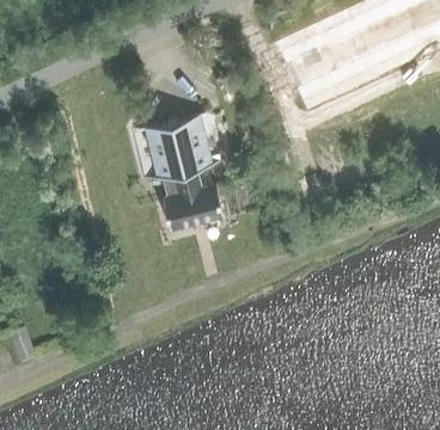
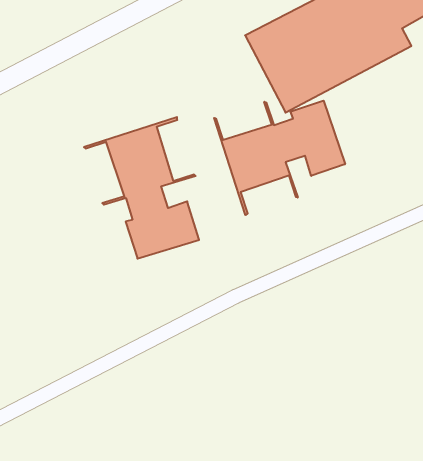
building: none -> [214,101,345,215]

